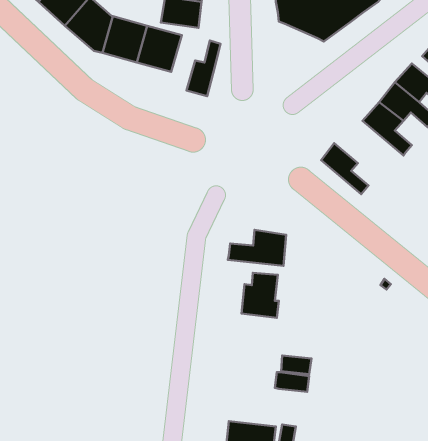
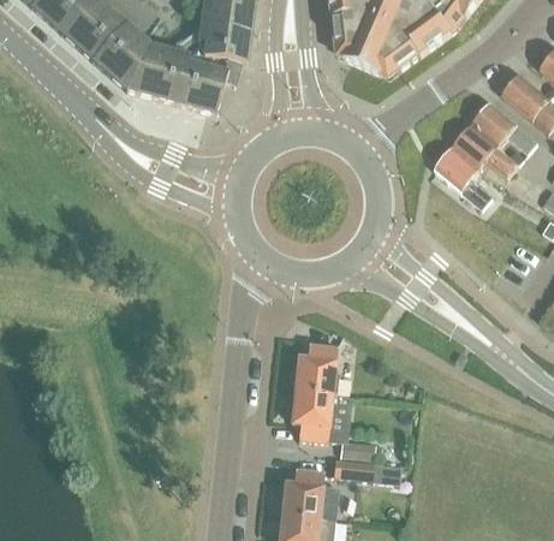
building: [187,41,221,96] -> none
building: [321,143,369,194] -> none
building: [228,230,286,266] -> none
building: none -> [291,390,335,441]
building: none -> [280,468,338,519]

